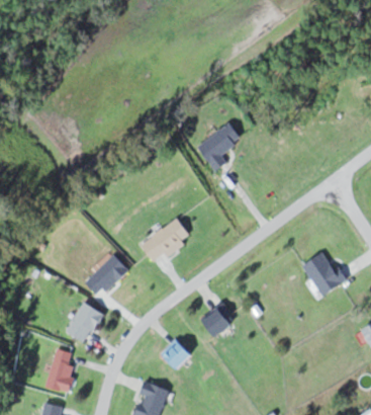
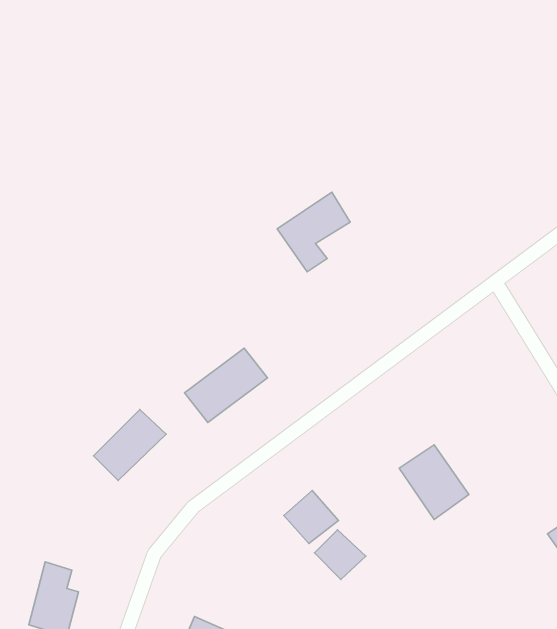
building: [301,251,344,297] -> [399,445,469,519]
building: [64,302,103,344] -> none
building: [161,339,192,369] -> [314,530,366,580]

